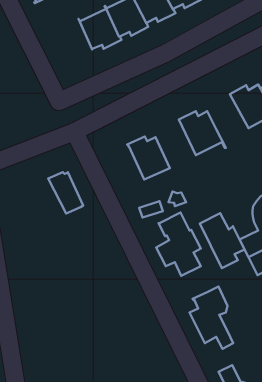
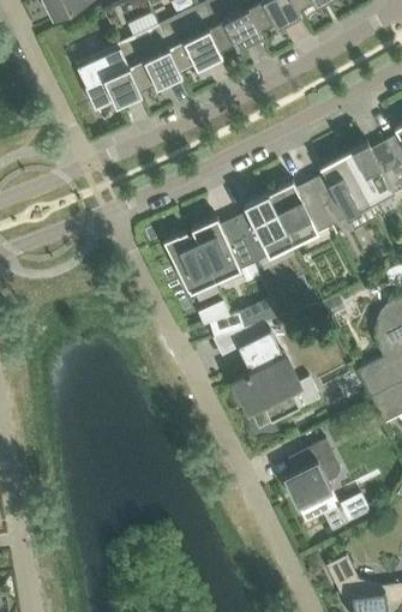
building: none -> [74,44,142,114]
building: none -> [310,156,377,233]
building: none -> [233,193,293,265]
building: [48,172,83,214] -> [164,233,216,294]
building: [200,213,244,268] -> none

